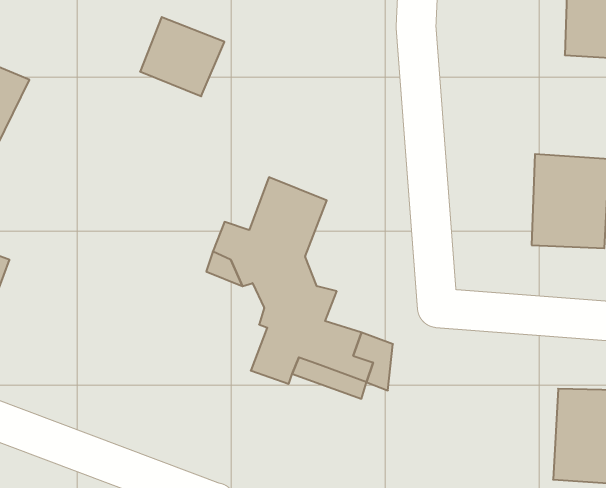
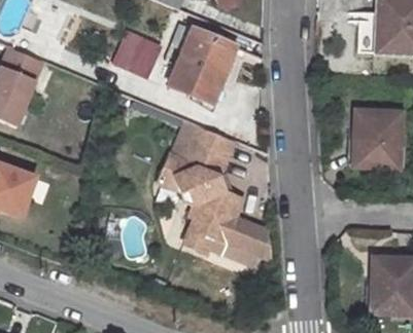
building: none -> [168,27,234,102]

